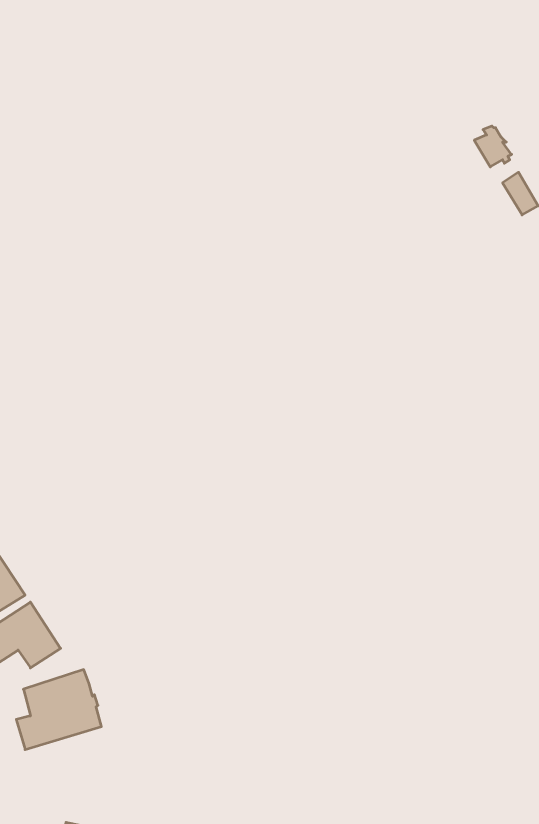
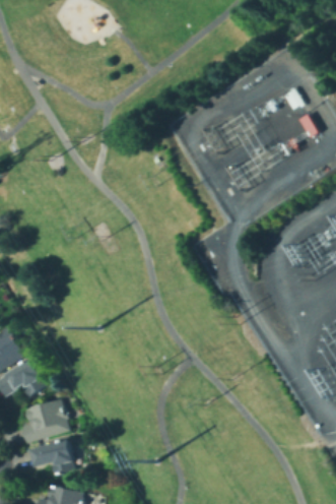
building: none -> [29,440,76,476]

